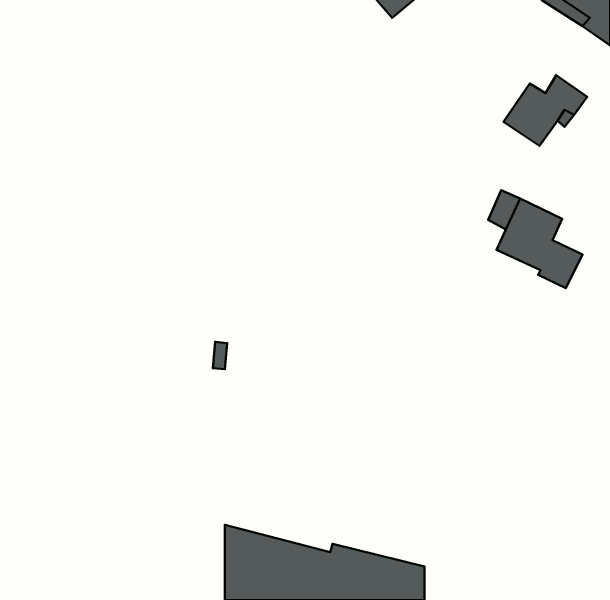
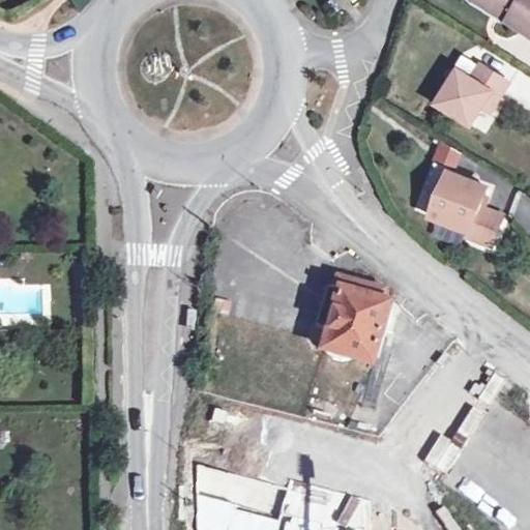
building: none -> [321,282,391,366]

